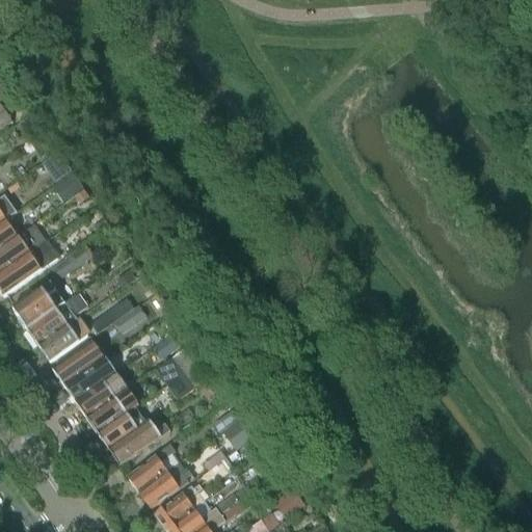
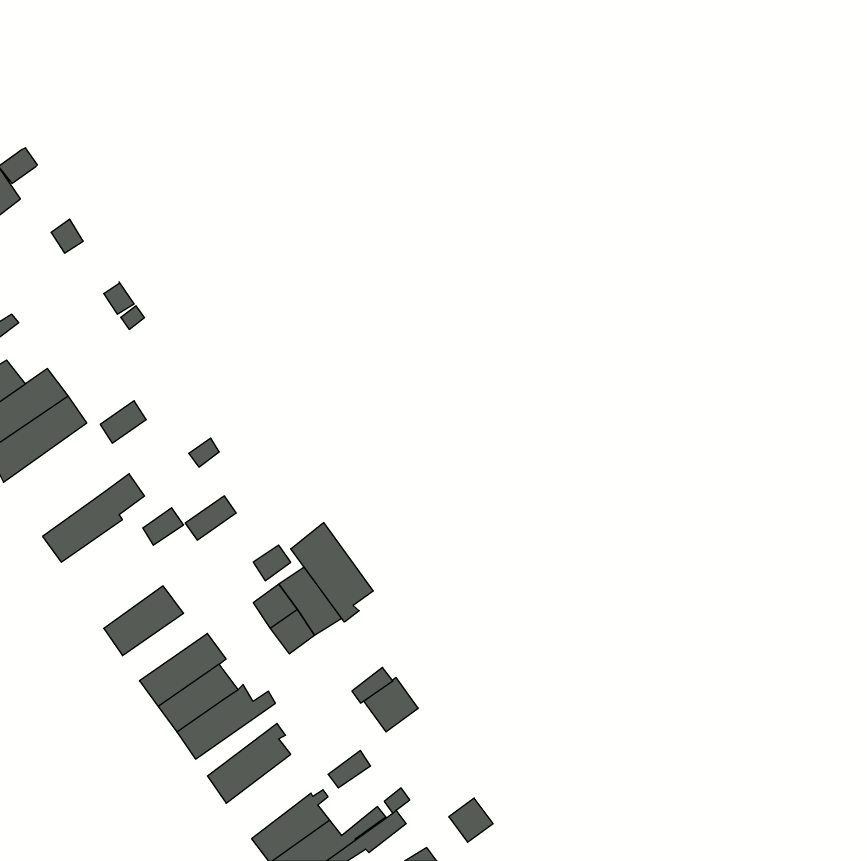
building: [12,282,63,328] -> none
building: [37,318,86,361] -> none
building: none -> [291,523,373,622]
building: [52,340,103,384] -> none
building: [75,375,123,417] -> none
building: [138,461,190,508] -> none

